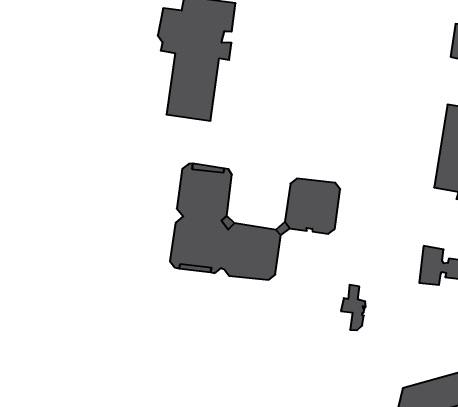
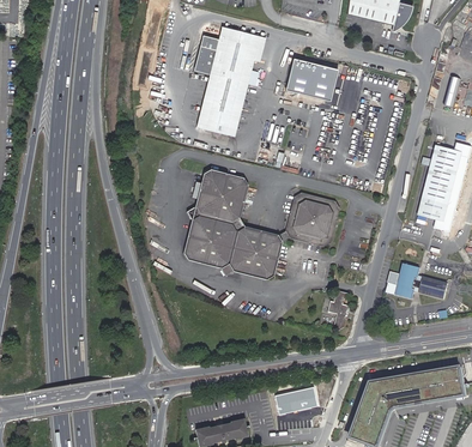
building: none -> [285,60,337,101]

